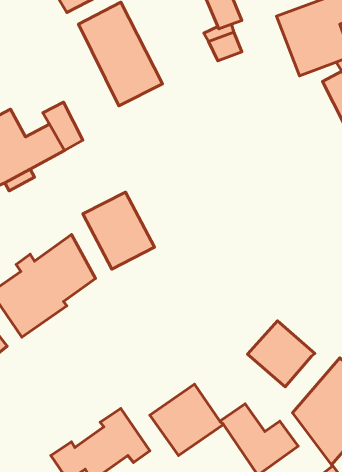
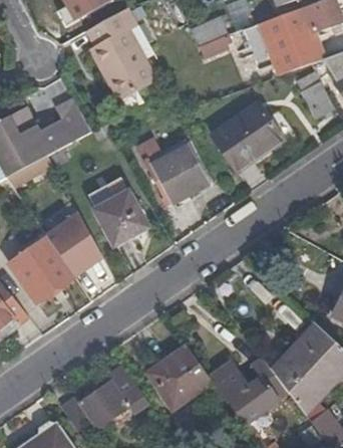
building: none -> [212,103,282,171]
building: none -> [136,137,210,202]
building: [248,321,315,387] -> none

